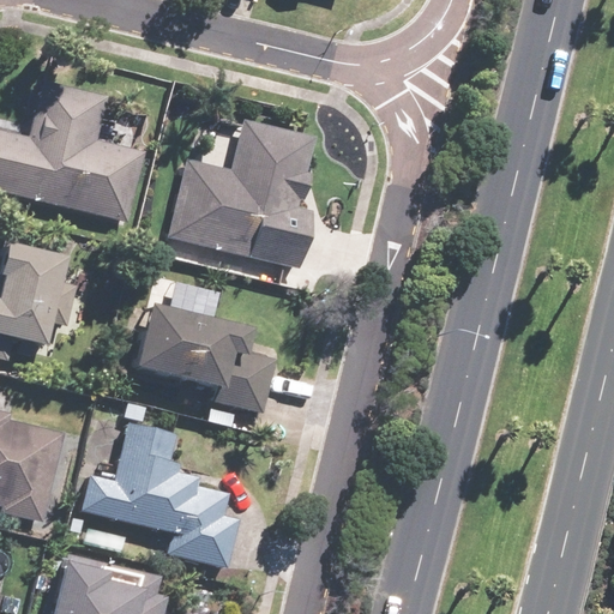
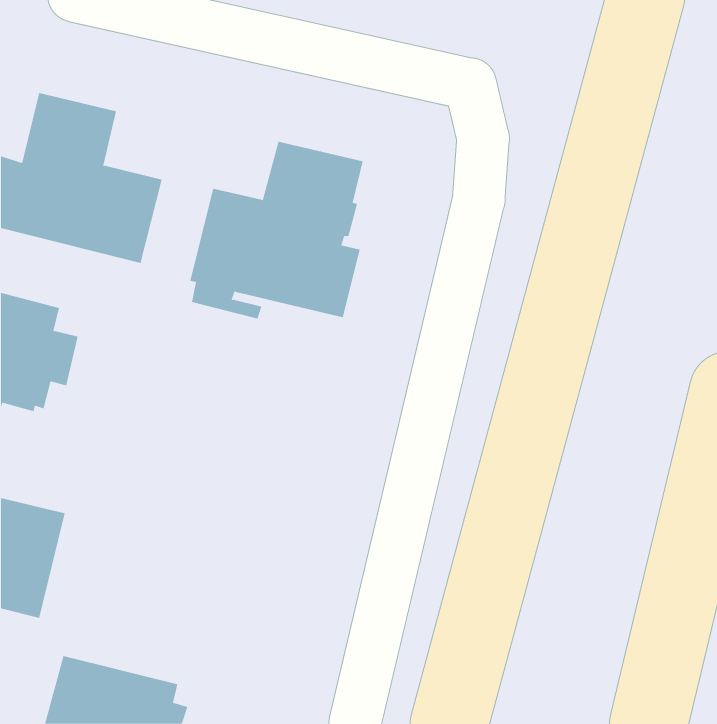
building: [127,303,276,413] -> none
building: [80,421,240,567] -> none

